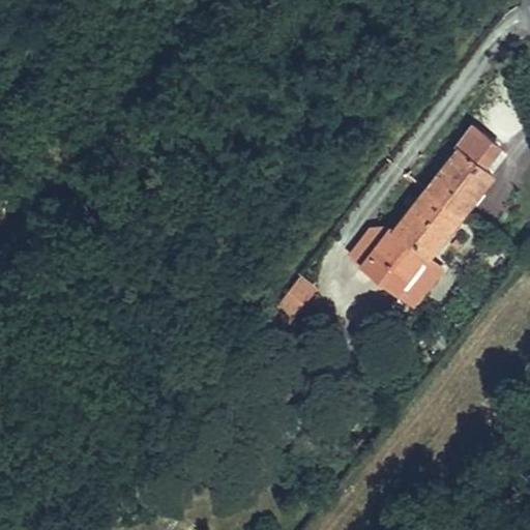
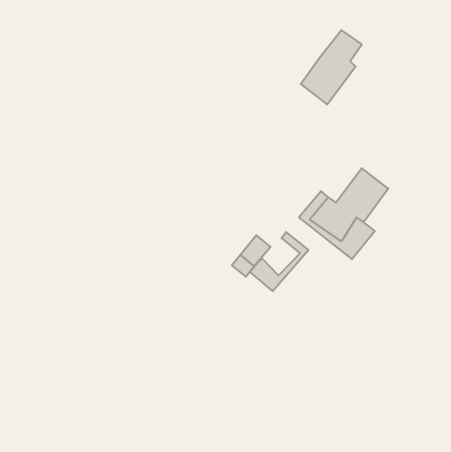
building: [423,134,495,220] -> [301,30,362,104]
building: none -> [250,232,308,291]

